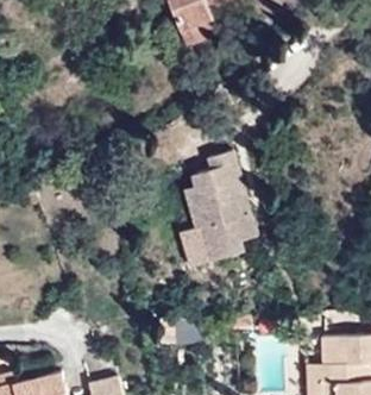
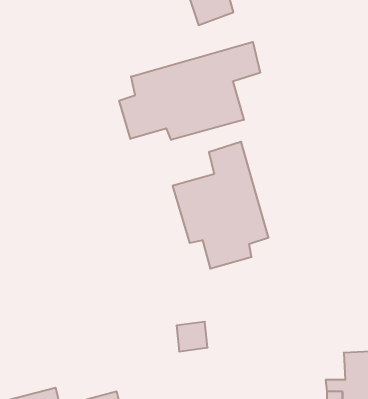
building: none -> [119,42,260,140]

